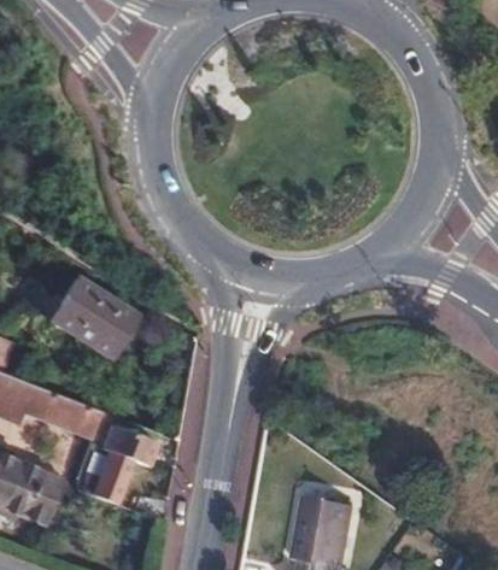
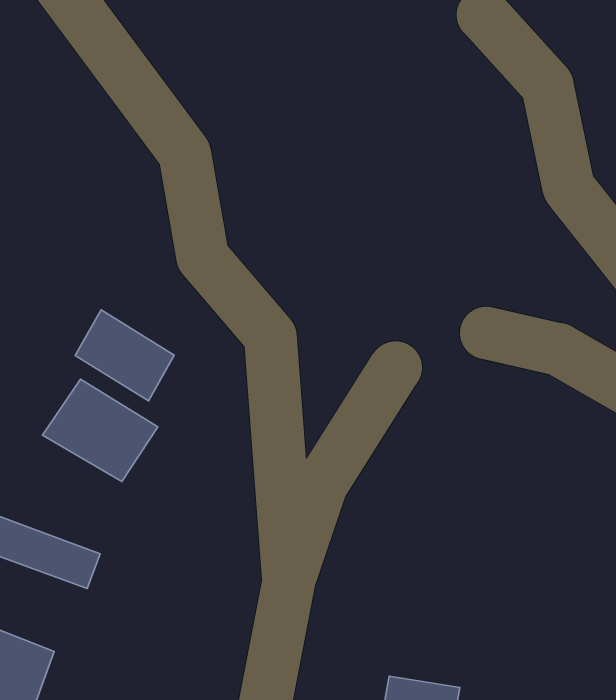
building: none -> [75,310,174,401]
building: [90,425,159,501] -> none

